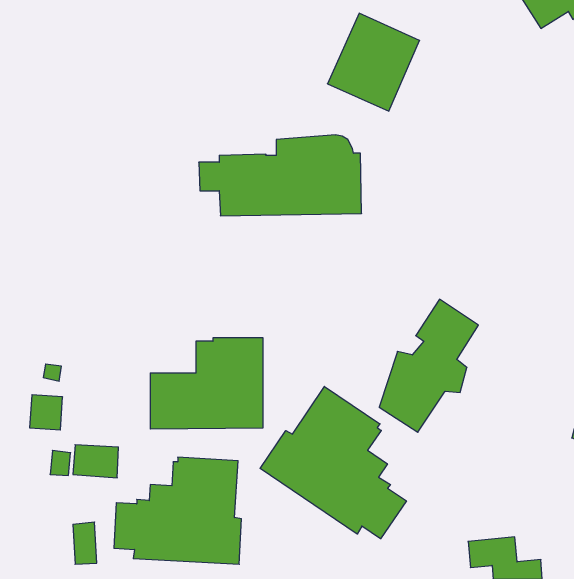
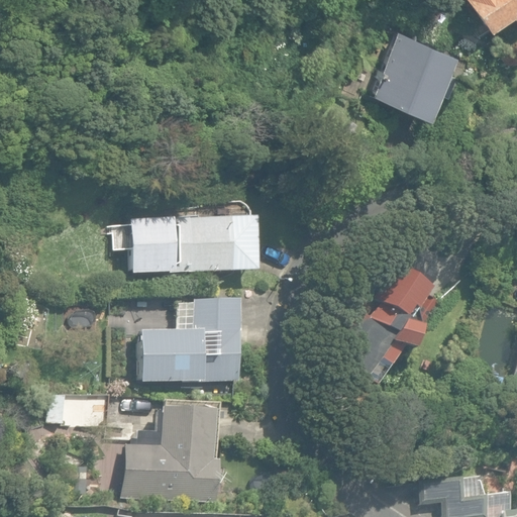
building: [327,13,420,111] -> [372,27,453,114]
building: [199,135,362,216] -> [115,201,260,273]
building: [260,386,406,539] -> none

